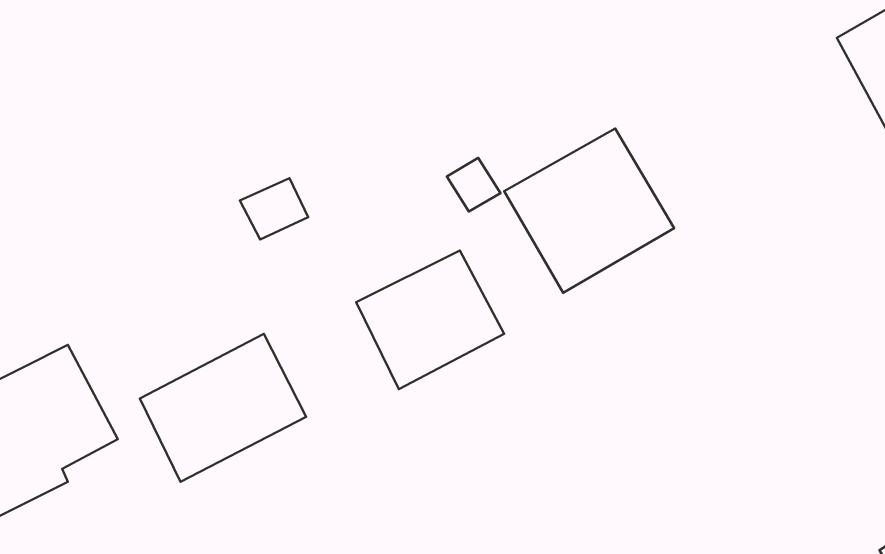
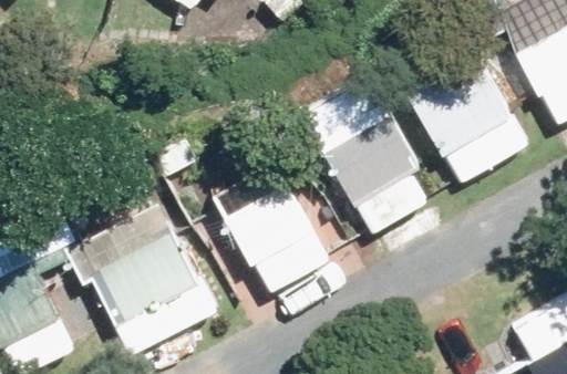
building: none -> [413,61,530,184]

